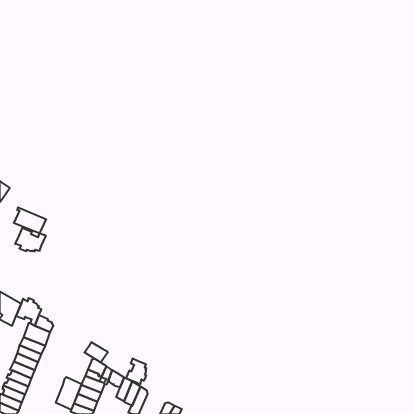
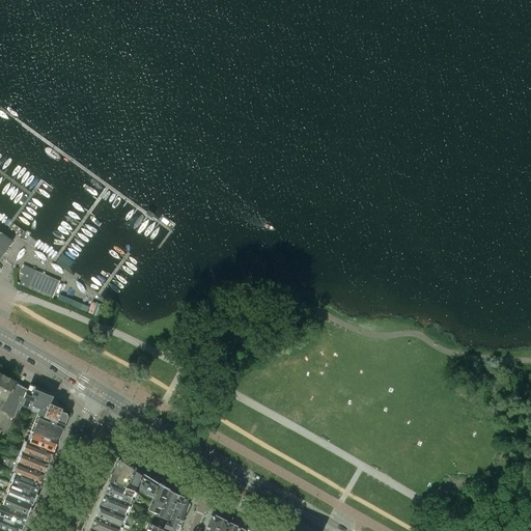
building: [15,228,46,251] -> none
building: [84,342,108,363] -> none
building: [126,358,146,384] -> none
building: [56,377,82,410] -> none

